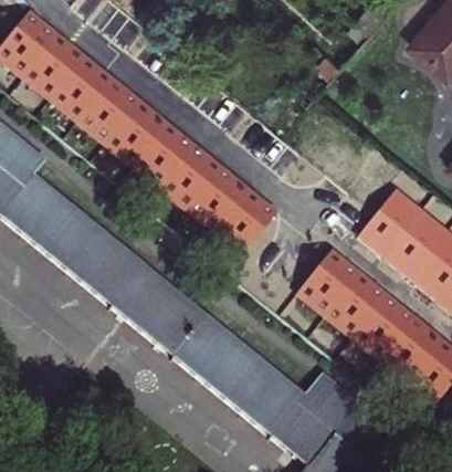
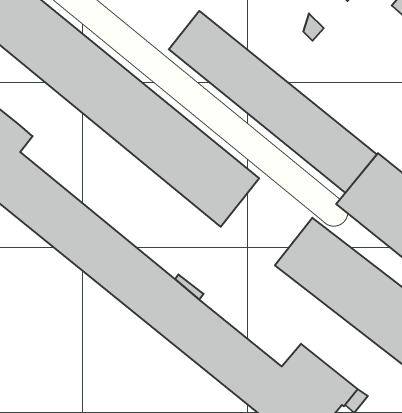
building: none -> [169,11,377,193]

